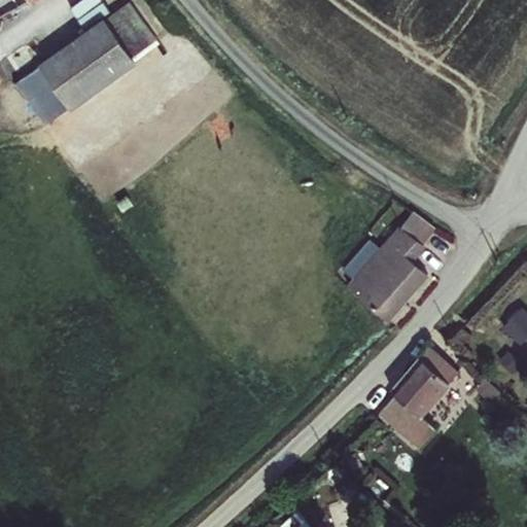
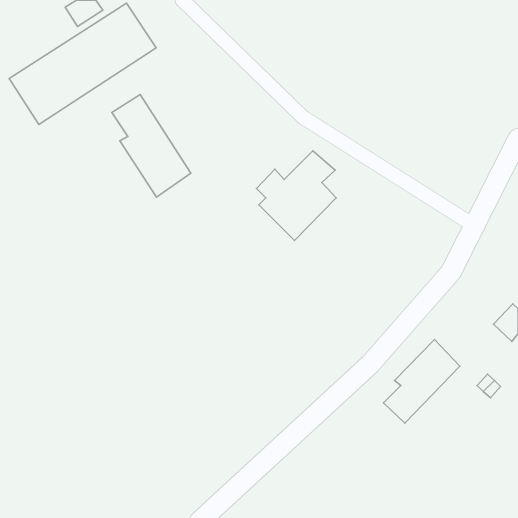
building: none -> [112,94,191,197]
building: [347,226,427,317] -> [257,151,336,241]

